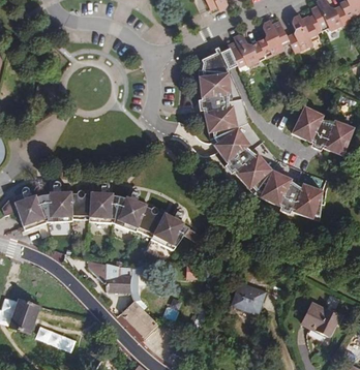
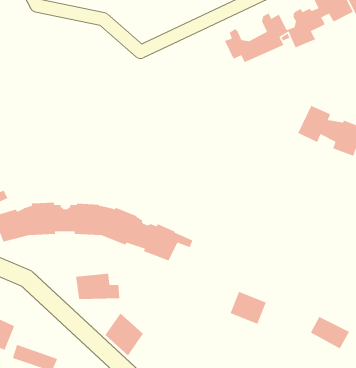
building: [198,49,319,220] -> none

